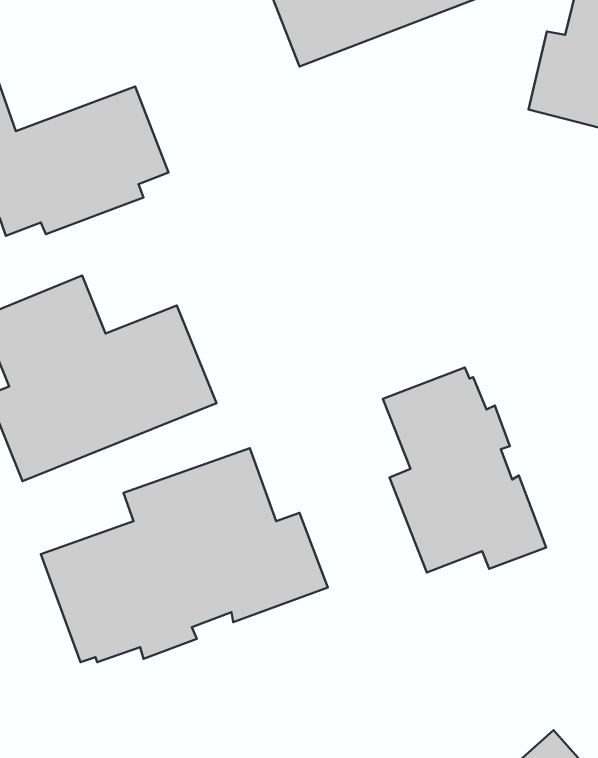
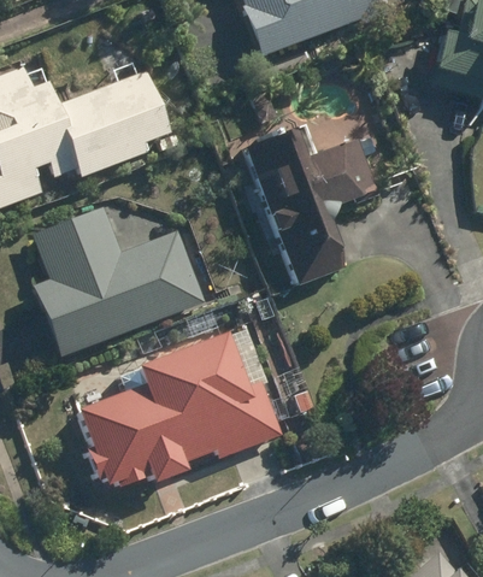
building: none -> [246,130,379,289]
building: [383,368,546,573] -> none

